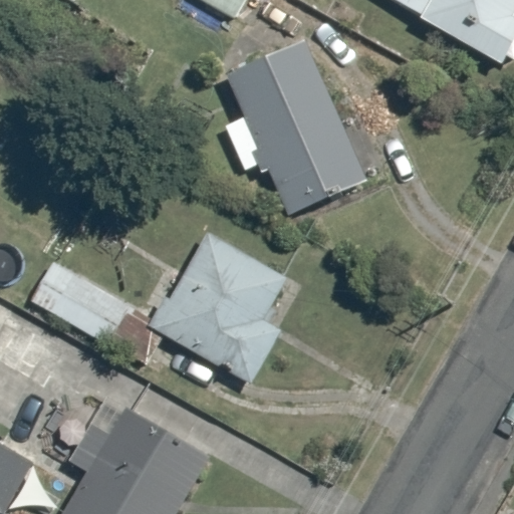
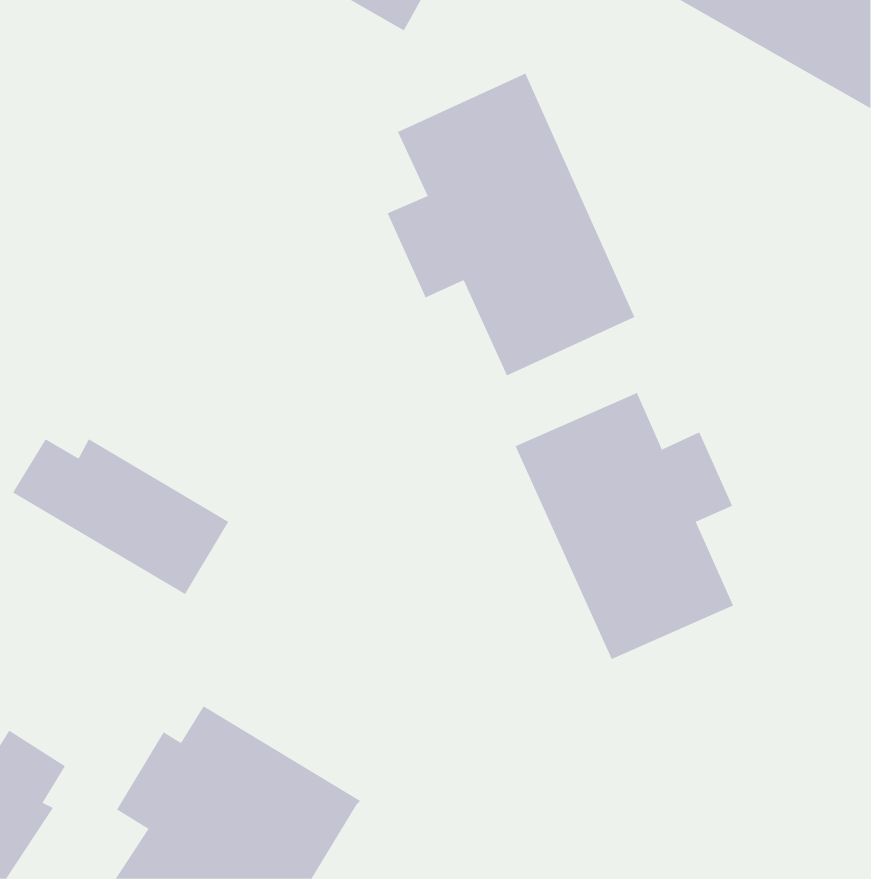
building: none -> [515,392,734,660]
building: [152,235,286,382] -> none

